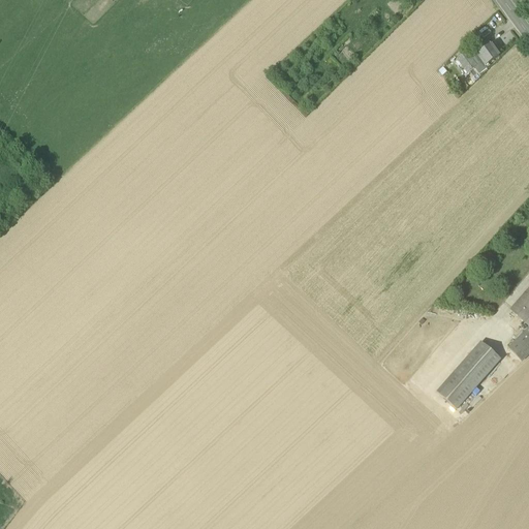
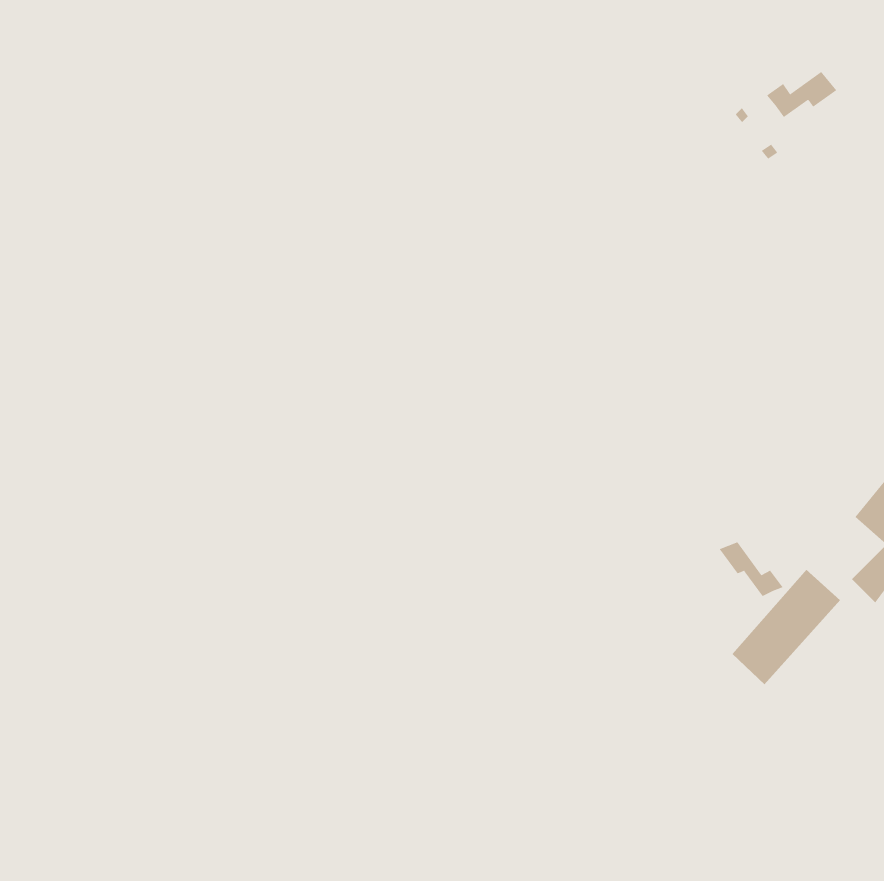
building: none -> [719,542,784,597]

